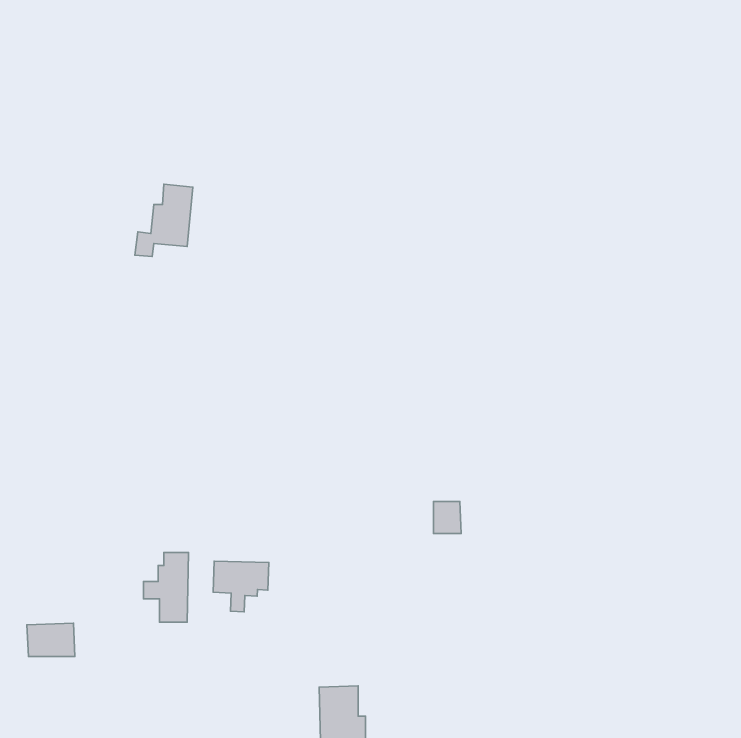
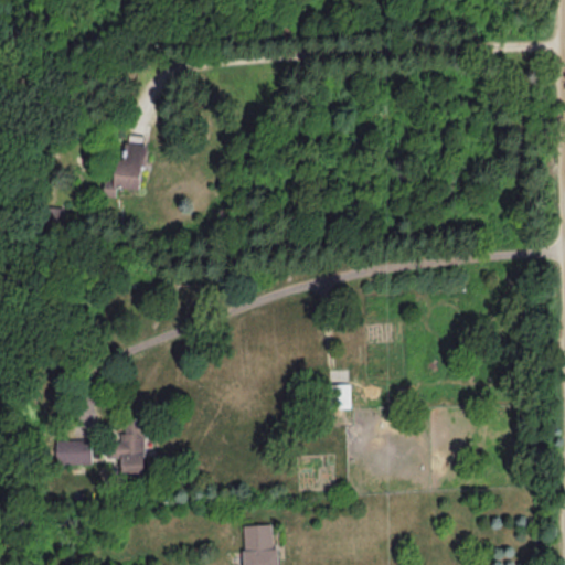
building: [213,561,269,612] -> none
building: [27,623,75,657] -> [55,438,92,463]

